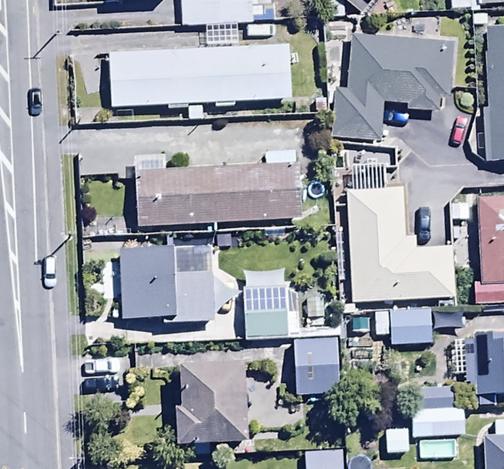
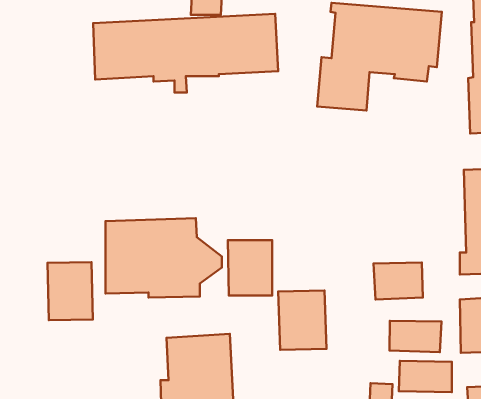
building: [135,150,307,212] -> none
building: [347,173,452,288] -> none
building: none -> [47,262,93,320]
building: none -> [389,321,442,352]

